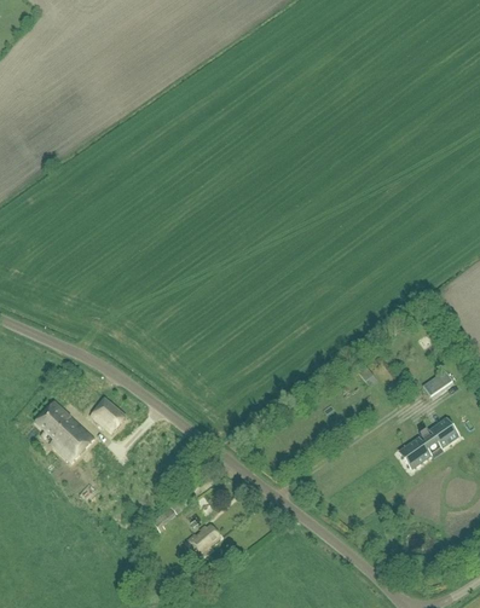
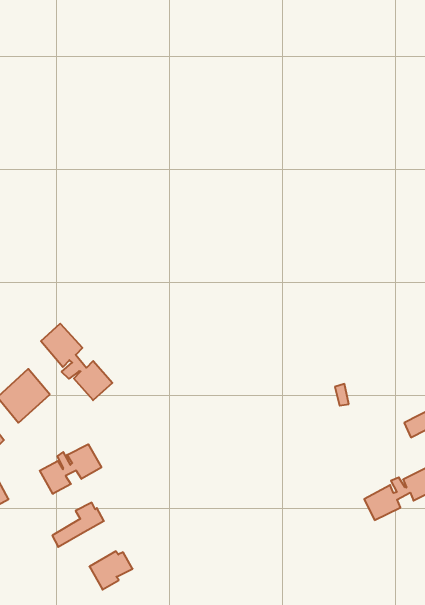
building: none -> [41,324,112,400]
building: none -> [40,444,101,494]

